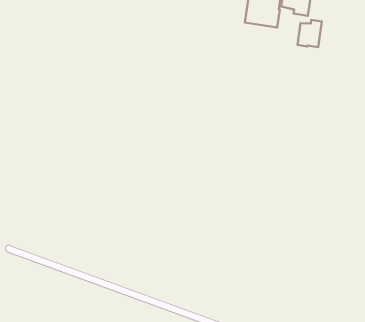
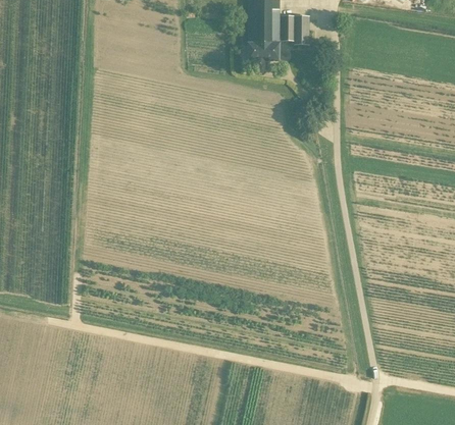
building: [297,20,322,47] -> none

